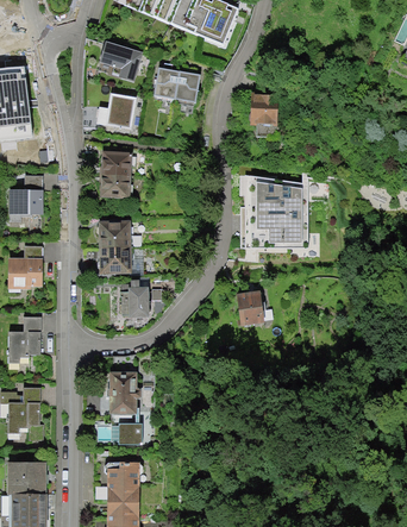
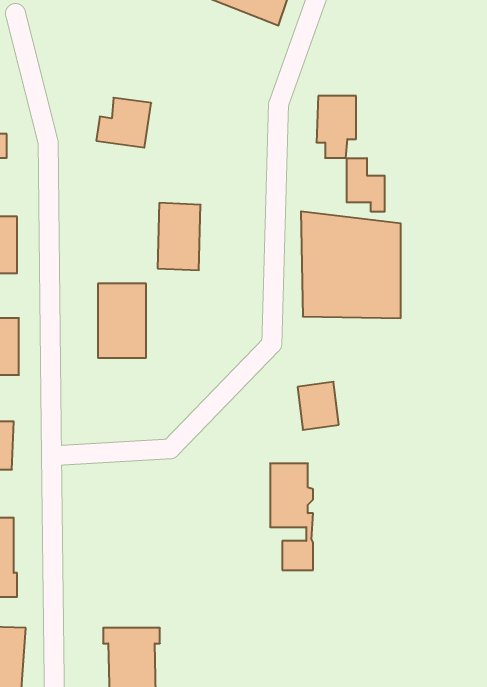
building: [101,43,139,82] -> none
building: [154,67,199,102] -> none
building: none -> [347,158,385,212]
building: [101,152,131,199] -> [158,203,201,270]
building: [119,281,165,316] -> none
building: [109,368,139,441] -> [270,463,313,570]

